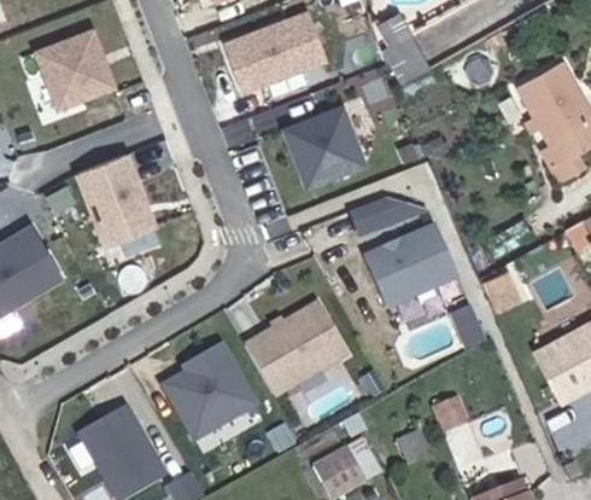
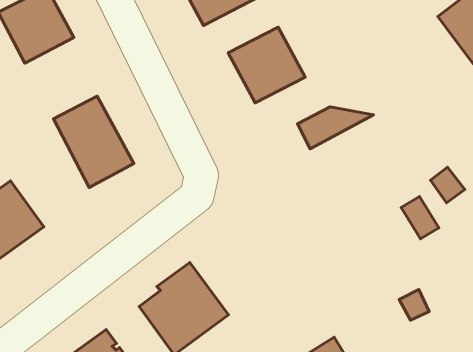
building: [362,222,454,302] -> none
building: [240,296,345,391] -> none

